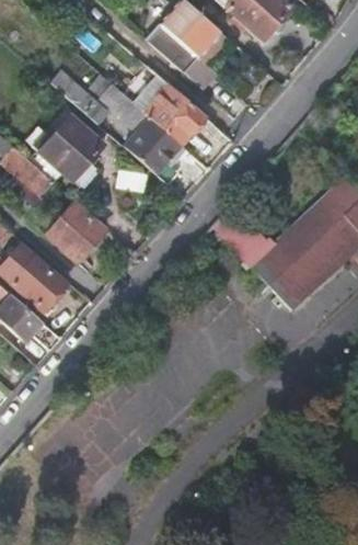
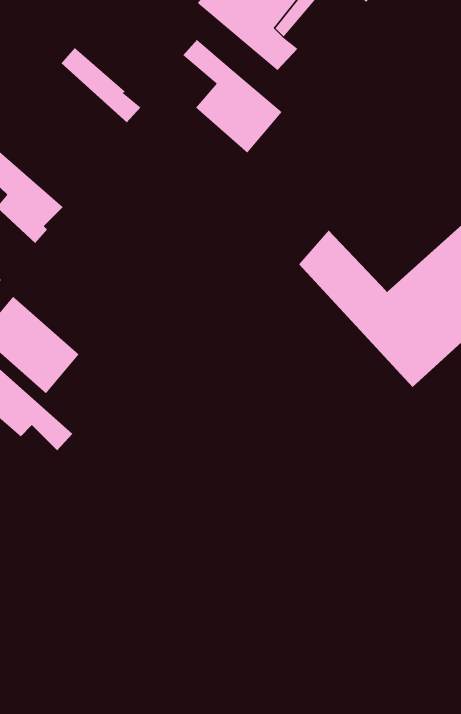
building: [91,75,181,184] -> none
building: [39,116,102,186] -> none
building: [45,203,104,261] -> none

